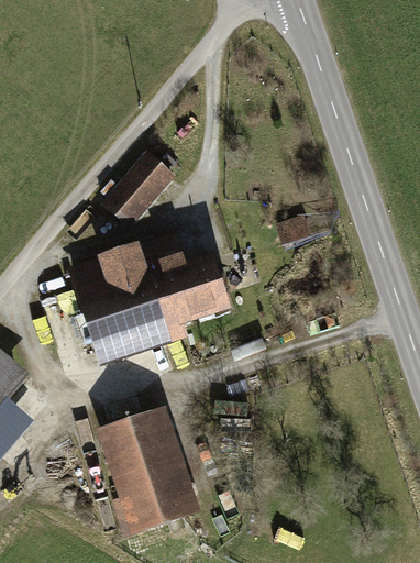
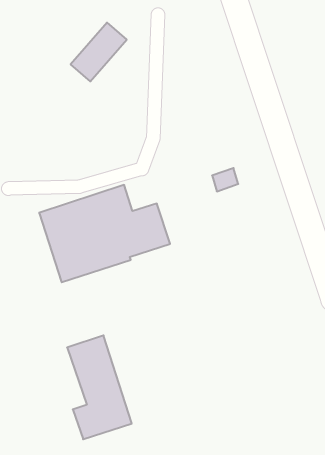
building: [107,153,173,222] -> [71,23,127,81]

